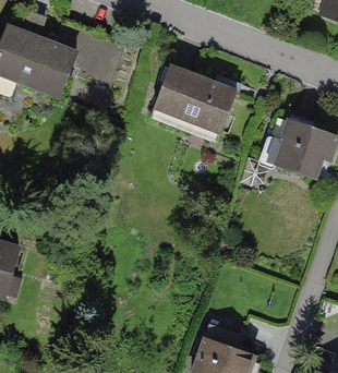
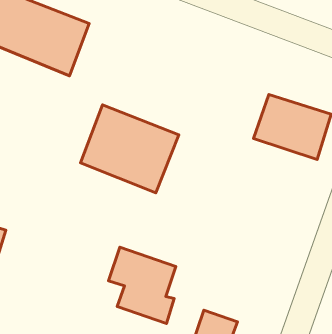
building: [147,58,240,141] -> [80,105,179,193]
building: none -> [108,247,176,323]

